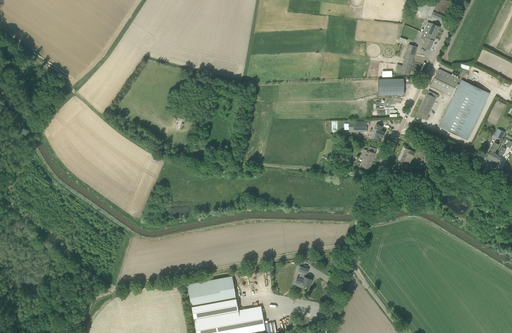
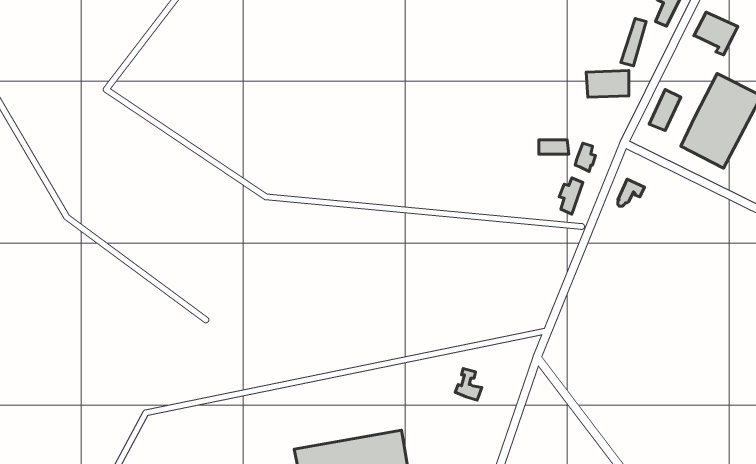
building: [431,69,459,96] -> [694,12,738,55]
building: [187,277,236,307] -> none

